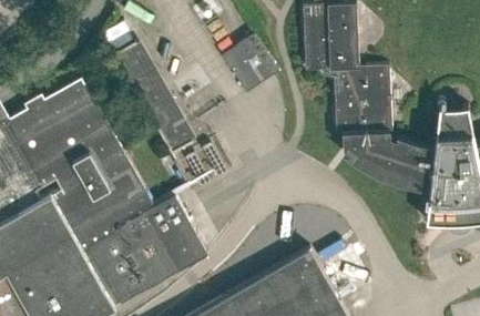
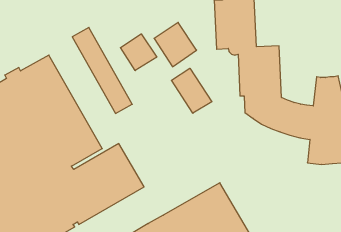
building: none -> [120,34,157,71]
building: none -> [171,68,212,113]

